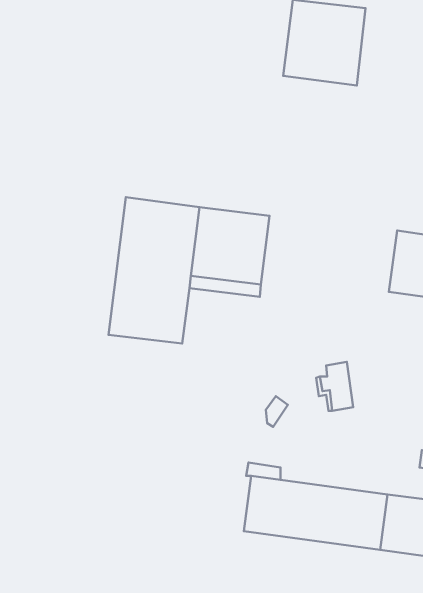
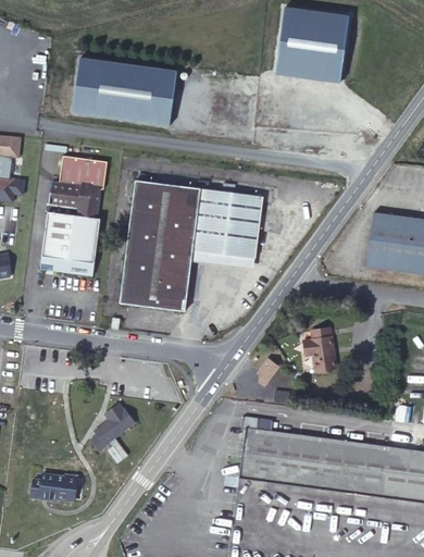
building: none -> [73,59,177,125]
building: none -> [40,156,107,275]
building: none -> [91,404,135,449]
building: none -> [32,473,77,500]

